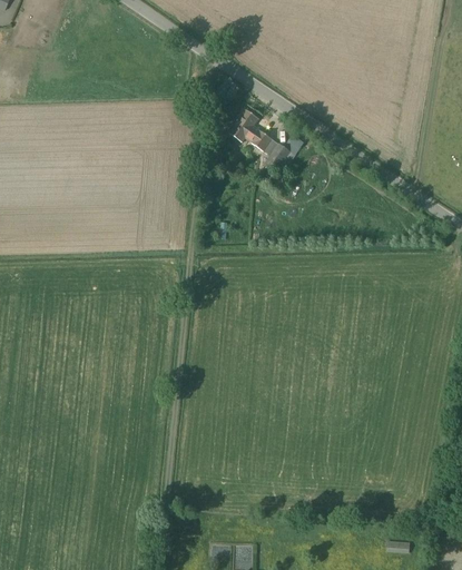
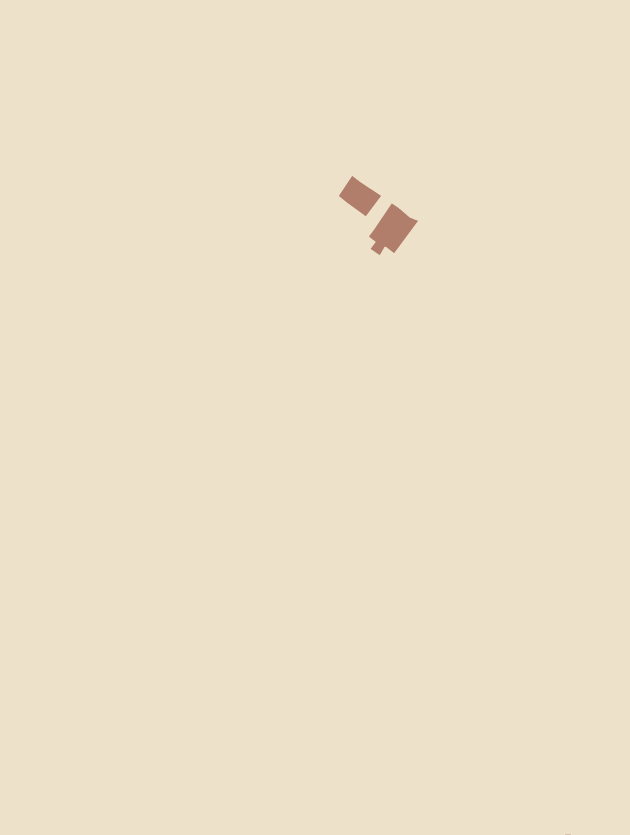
building: [228,107,257,139] -> none

